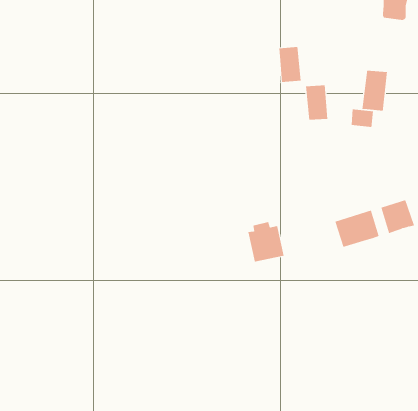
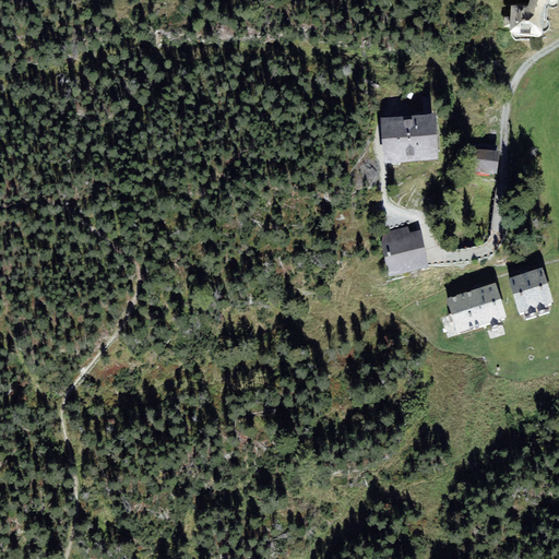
building: [279,47,302,83] -> [381,115,412,163]
building: [362,70,388,111] -> none
building: [248,221,284,262] -> [380,219,429,274]

